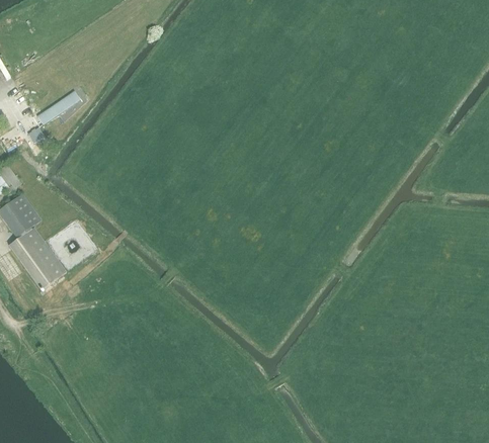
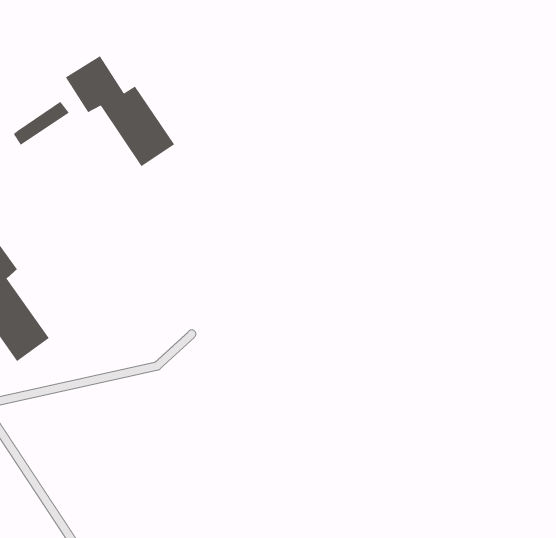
building: none -> [65,55,175,167]

